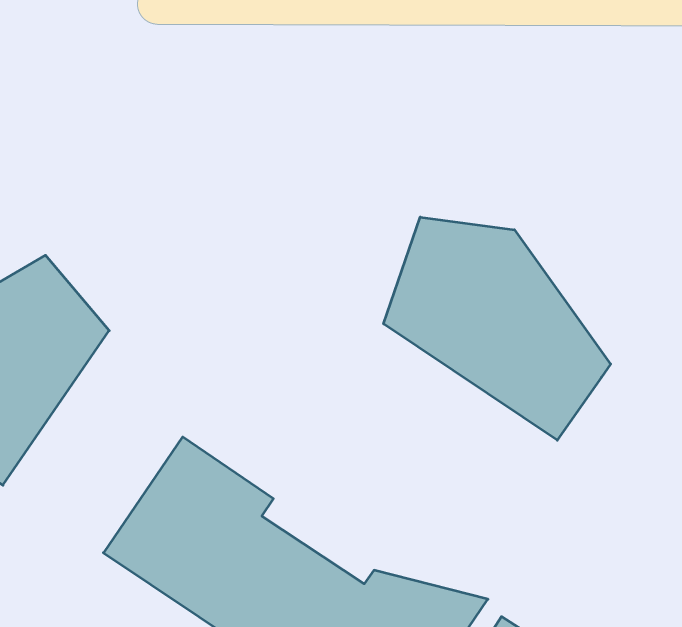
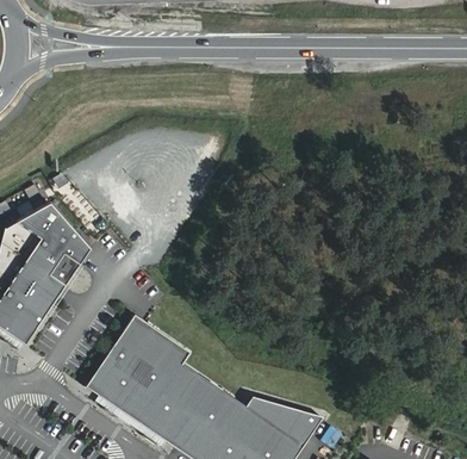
building: [384,217,611,440] -> none

